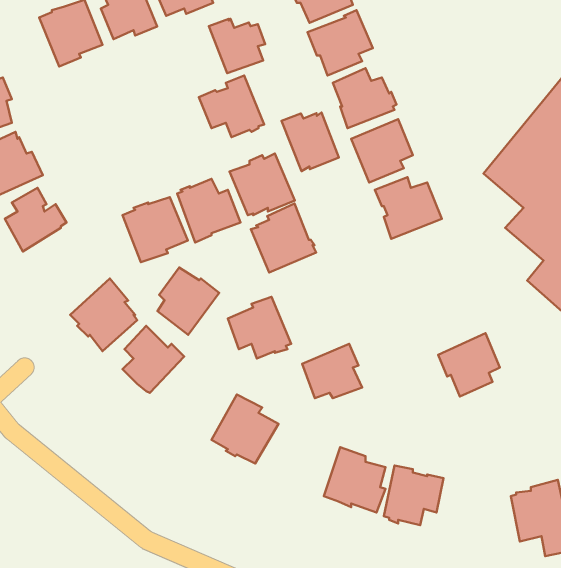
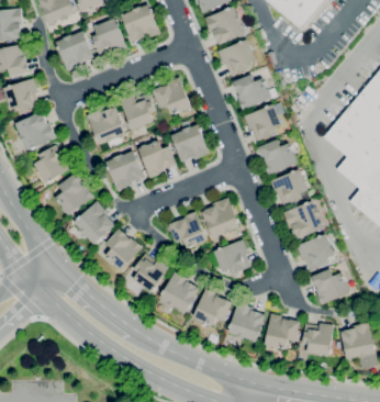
building: [209,19,265,73] -> [121,97,155,130]
building: [282,112,339,171] -> none
building: none -> [86,107,126,145]
building: [251,204,316,273] -> [201,197,241,238]
building: none -> [270,168,309,206]
building: none -> [55,172,93,214]
building: [157,268,219,335] -> [133,252,170,292]
building: none -> [283,200,323,238]
building: none -> [312,268,351,305]
building: none -> [192,288,232,326]
building: none -> [302,323,333,356]

